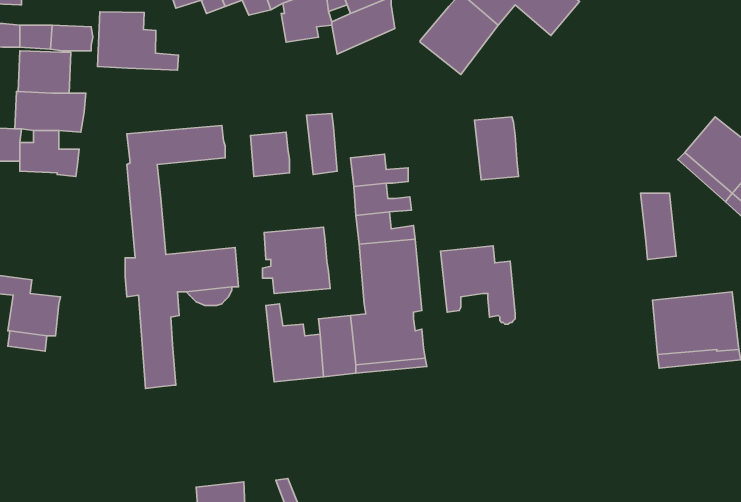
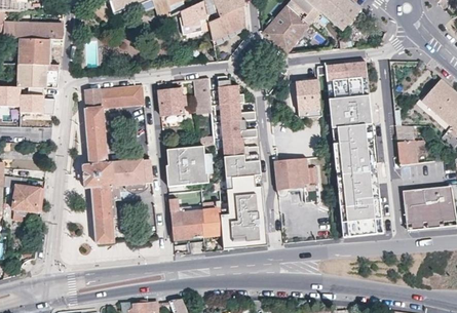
building: [98,12,179,70] -> none
building: none -> [316,62,383,237]
building: none -> [217,75,240,104]

